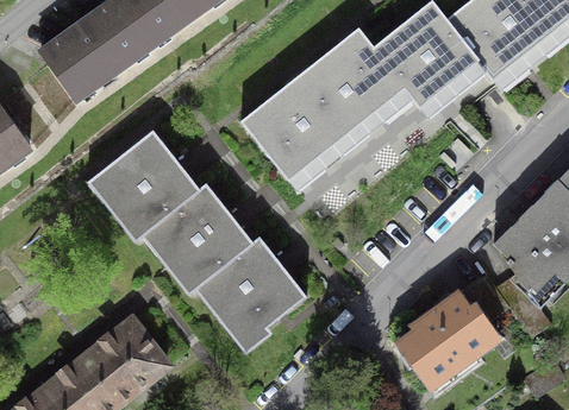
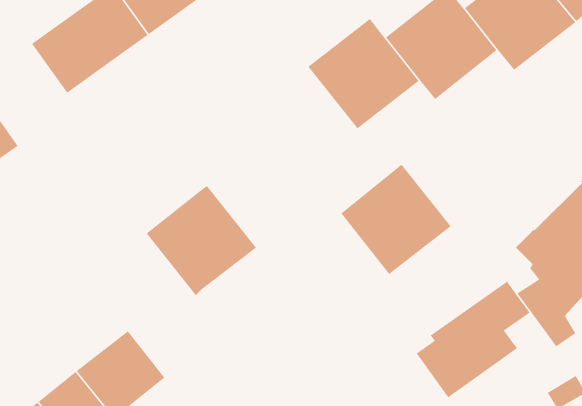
building: [243,76,346,179] -> [341,164,451,275]
building: [96,134,200,236] -> none
building: [201,239,305,342] -> none

